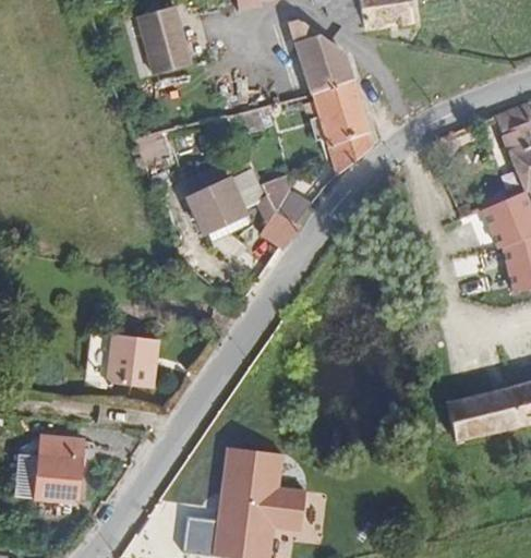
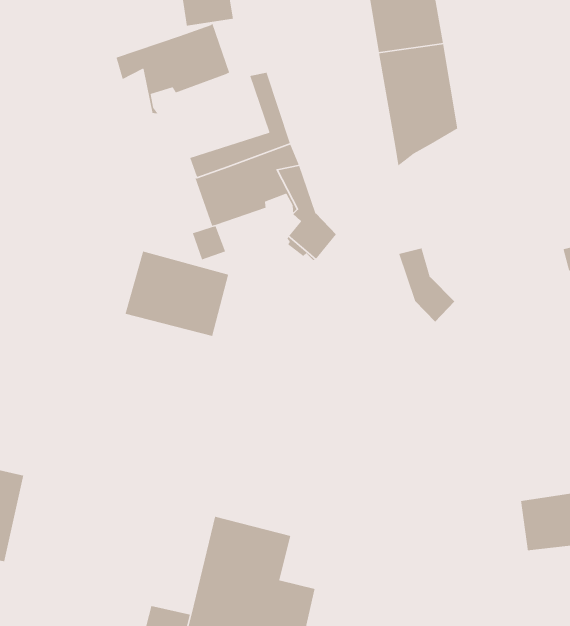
building: none -> [115,23,230,115]
building: [260,172,306,227] -> [398,248,455,323]
building: [84,329,158,387] -> [124,250,229,337]

